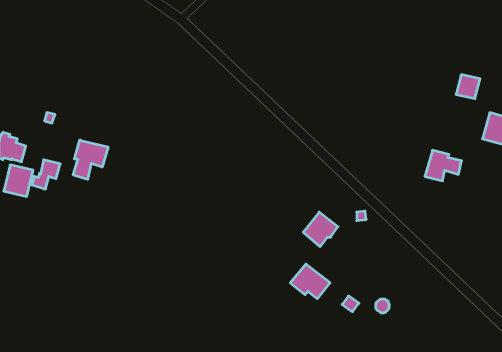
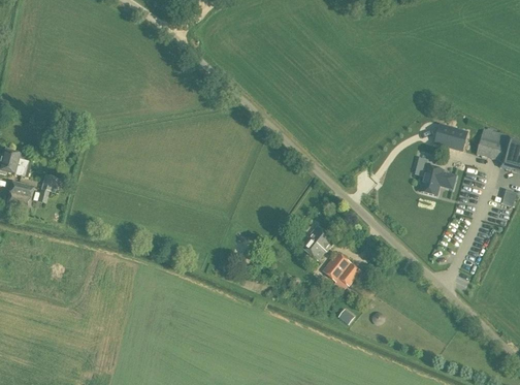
building: [456,75,480,99] -> [443,126,466,150]
building: [73,140,108,179] -> none
building: [290,264,330,299] -> [321,252,360,286]

